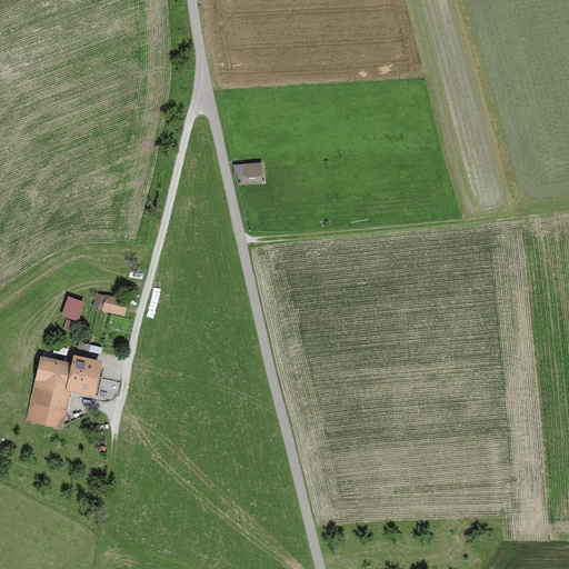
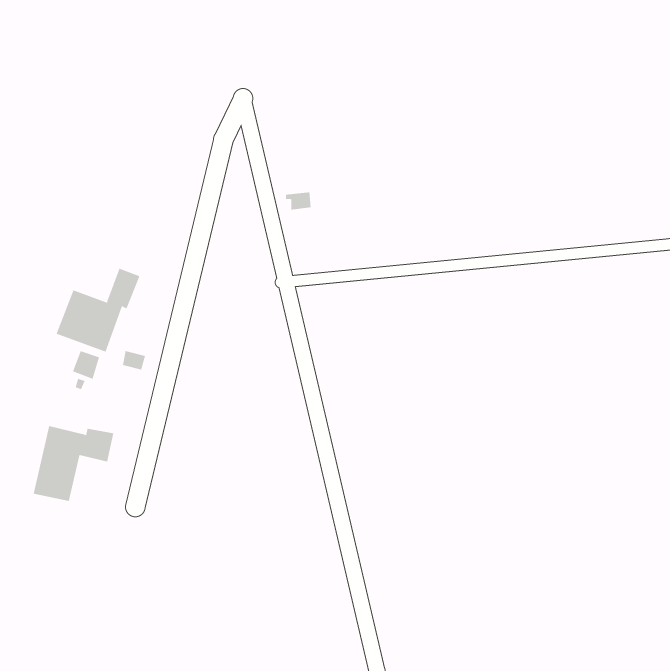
building: none -> [56,268,140,352]

